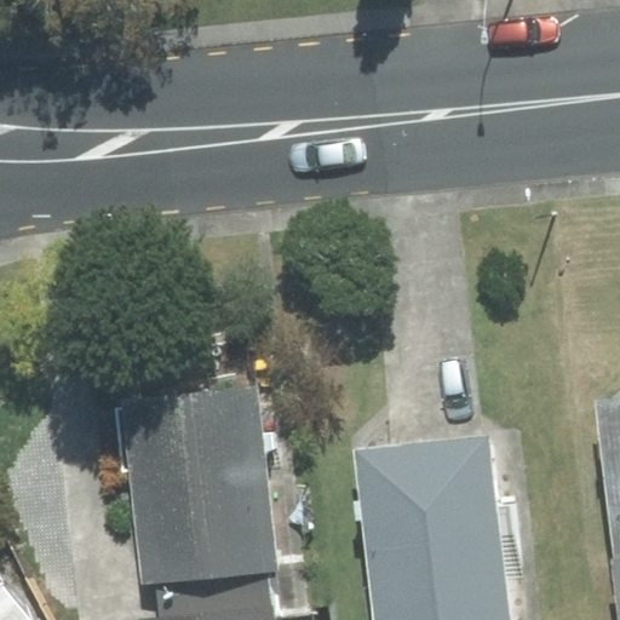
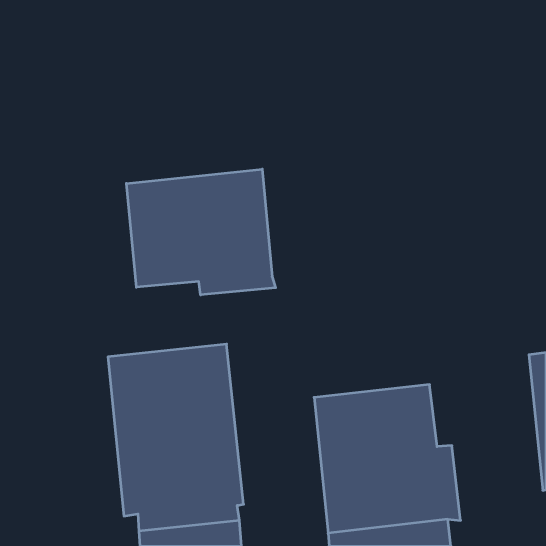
building: none -> [126,169,276,295]

